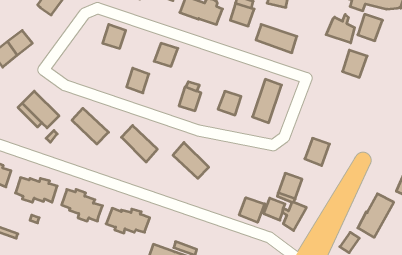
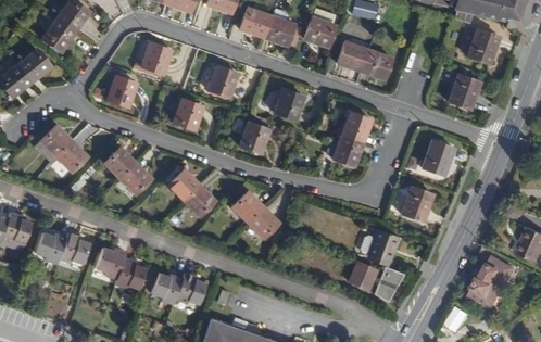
building: none -> [47,16,78,50]
building: [326,14,355,43] -> none
building: none -> [109,74,137,105]
building: [218,91,241,115] -> [275,88,304,118]
building: none -> [423,139,454,174]
building: [239,198,265,222] -> none

